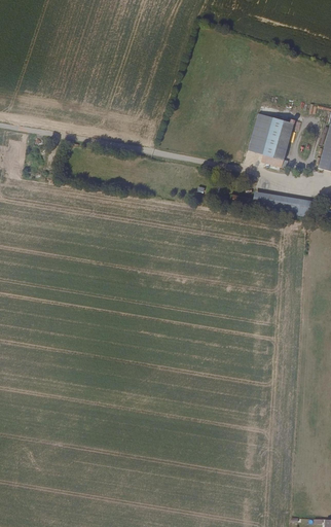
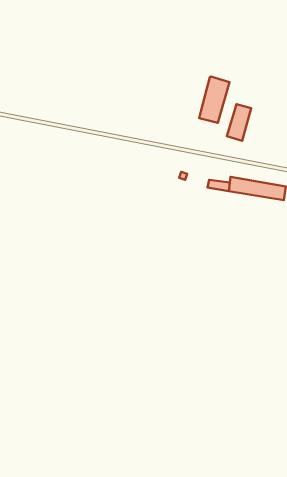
building: [262,117,294,167] -> [199,76,229,123]

